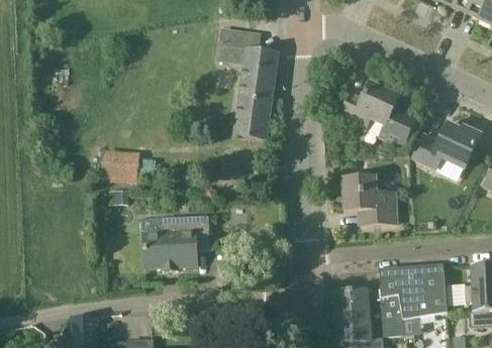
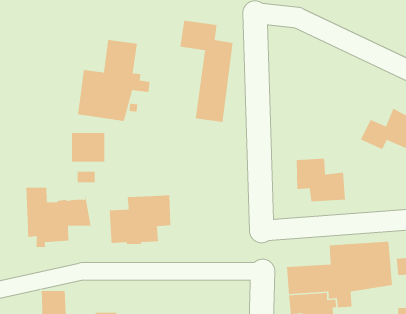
building: none -> [77,39,150,122]
building: [340,82,419,152] -> none
building: none -> [25,187,91,248]

